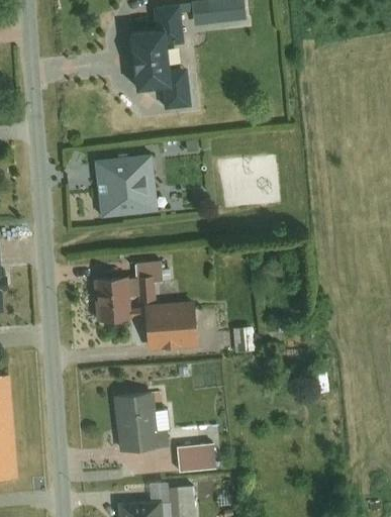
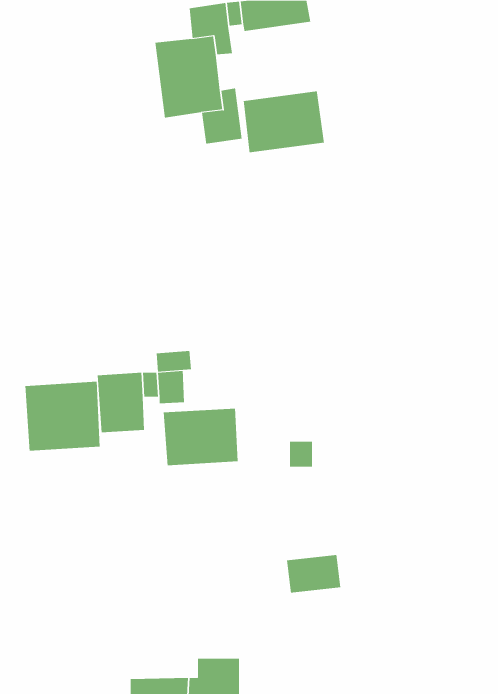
building: none -> [243,91,325,153]
building: [91,152,157,216] -> none
building: none -> [25,381,100,452]
building: [110,392,166,449] -> none
building: [171,443,211,472] -> [286,555,341,593]

